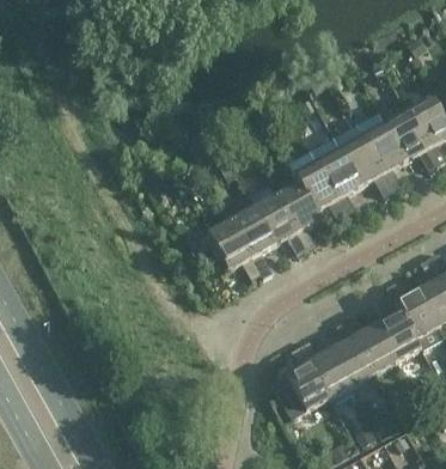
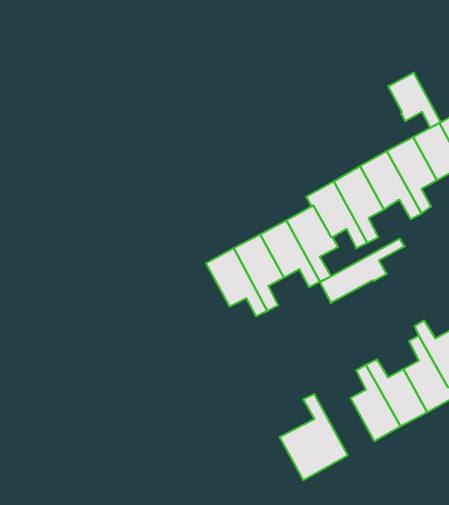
building: none -> [388,73,441,128]
building: none -> [320,239,405,303]
building: [301,339,353,396] -> none

